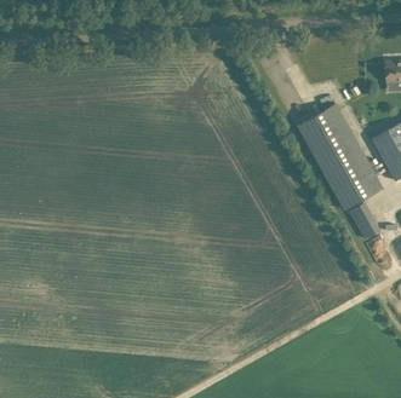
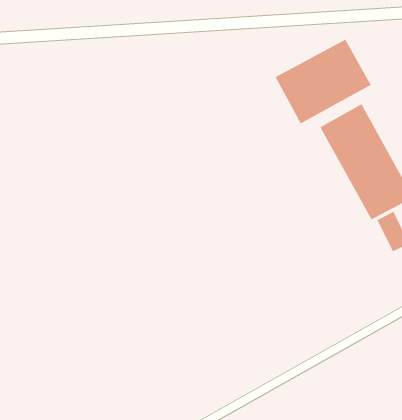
building: none -> [275,39,371,124]

